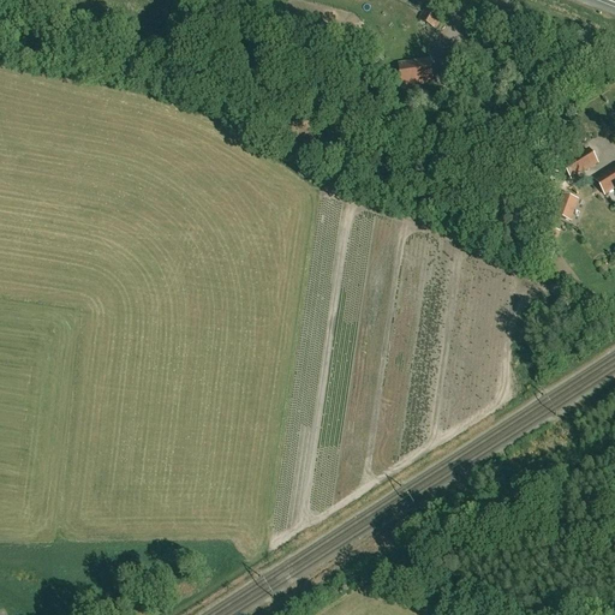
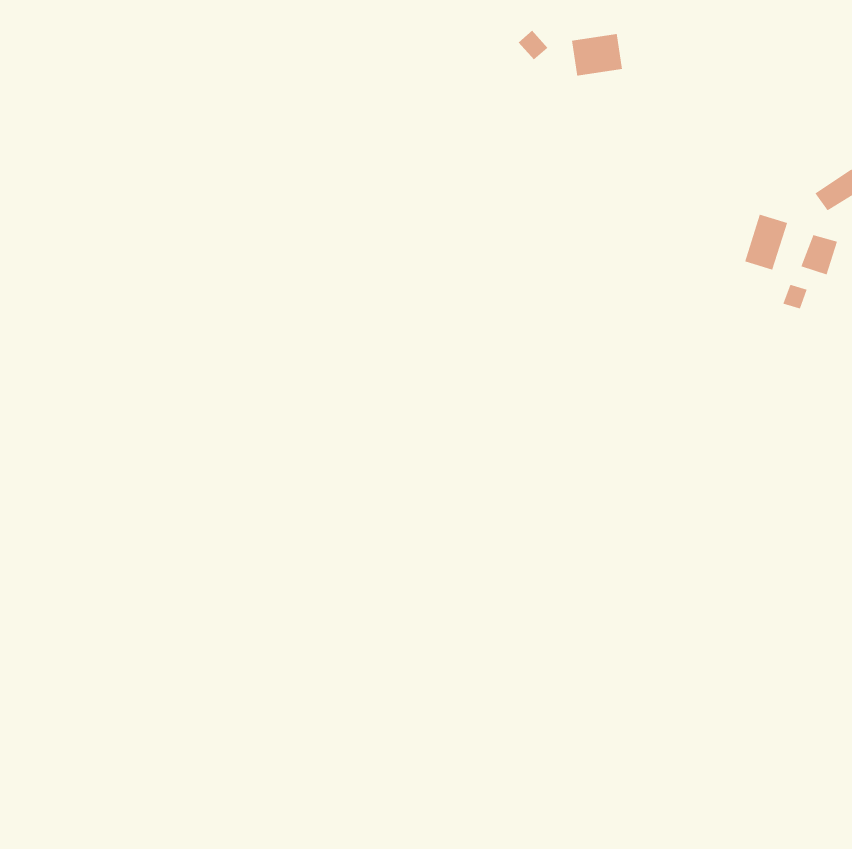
building: none -> [744,214,788,271]

